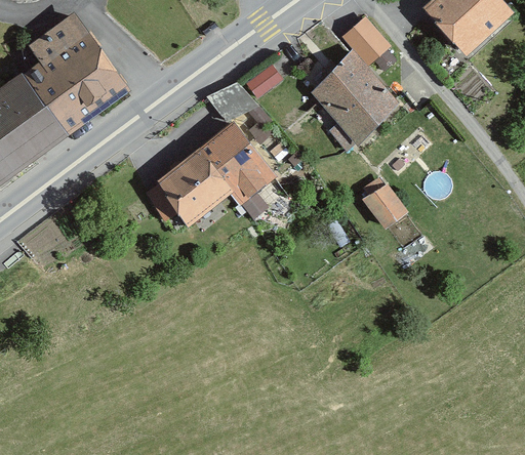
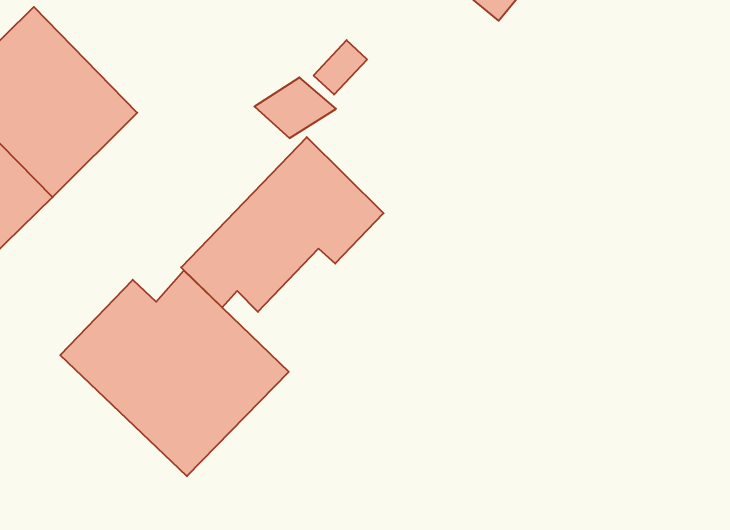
building: [311,53,401,151] -> none
building: [364,182,410,231] -> none
building: none -> [60,271,289,476]

